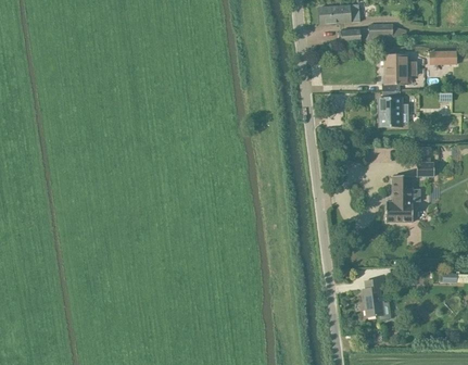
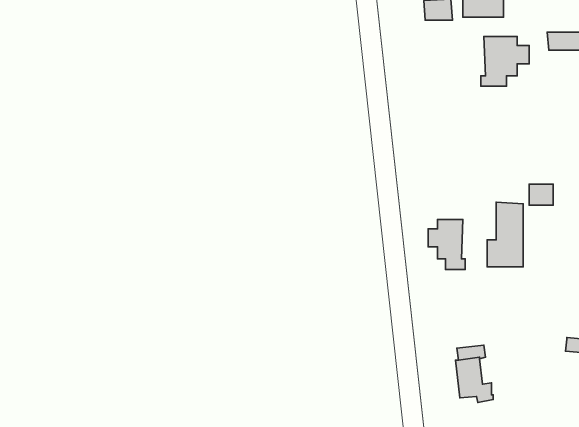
building: [379,90,409,125] -> none
building: none -> [428,220,465,270]

